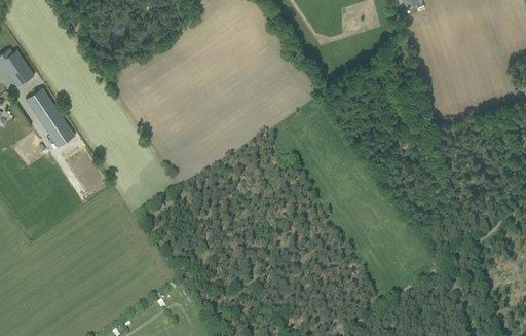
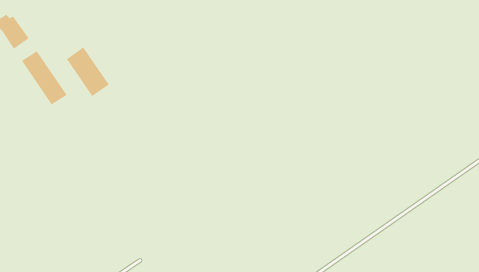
building: none -> [66,47,109,97]

